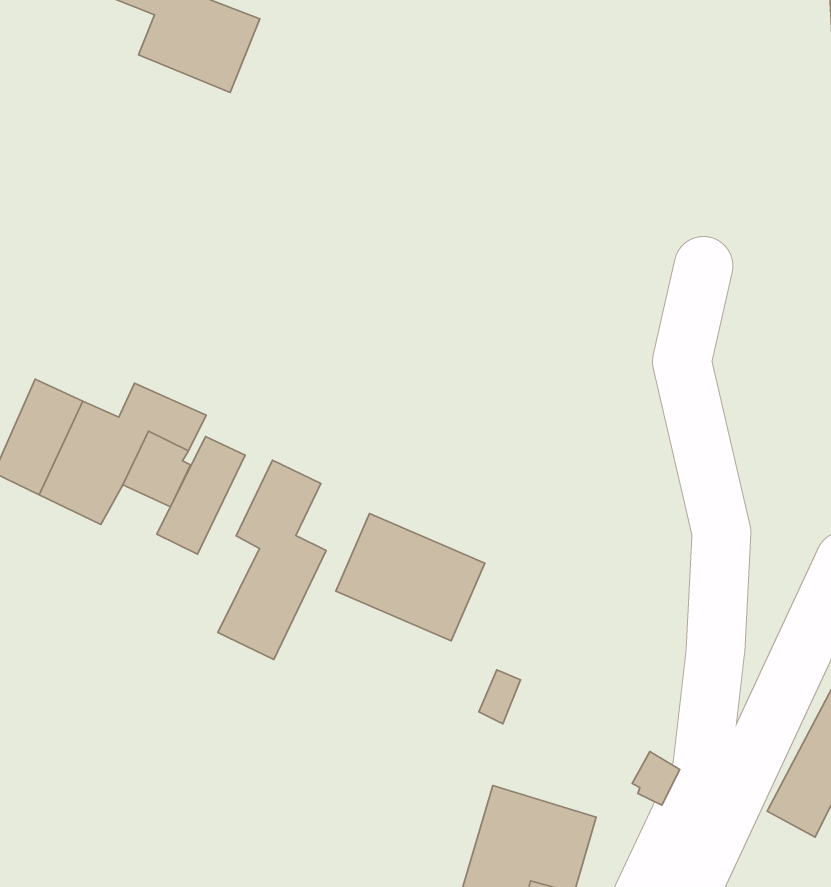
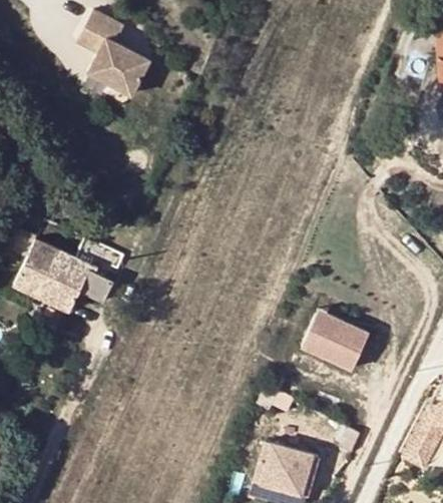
building: [157,437,245,554] -> none
building: [218,460,326,660] -> none
building: [336,514,485,641] -> [299,308,374,372]

